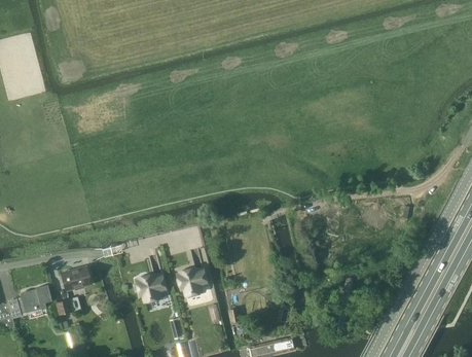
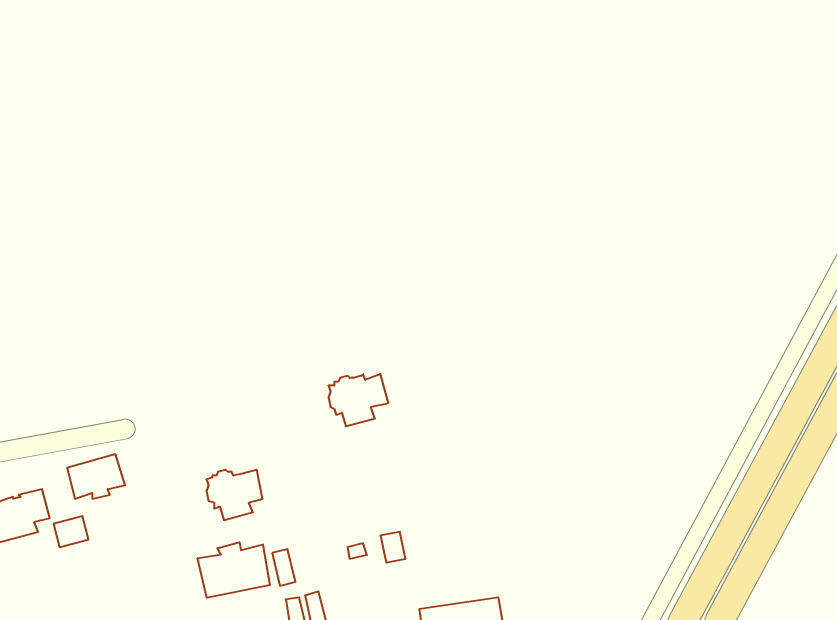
building: [177,267,209,295] -> [328,374,388,426]
building: none -> [198,542,270,598]

